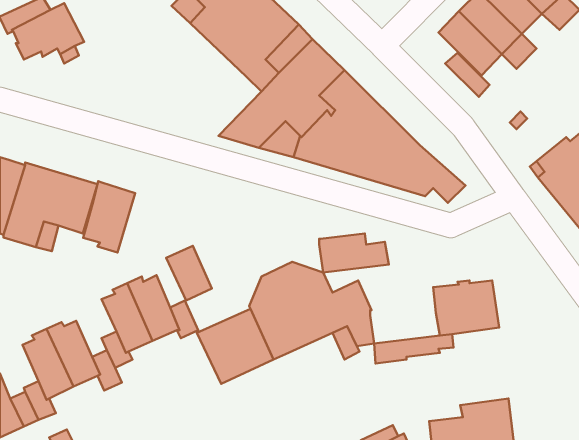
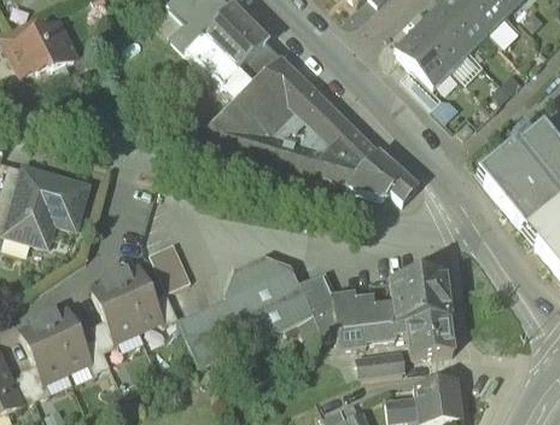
building: [83,181,135,252] -> none
building: [319,234,389,273] -> [334,295,397,330]
building: none -> [408,315,455,356]
building: none -> [358,353,404,377]

